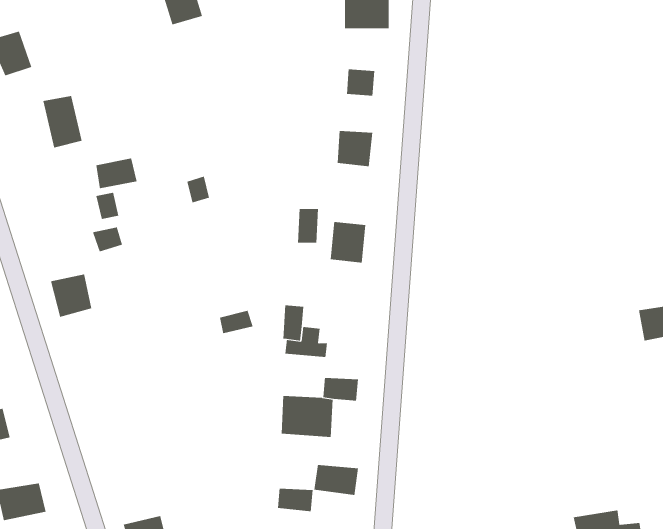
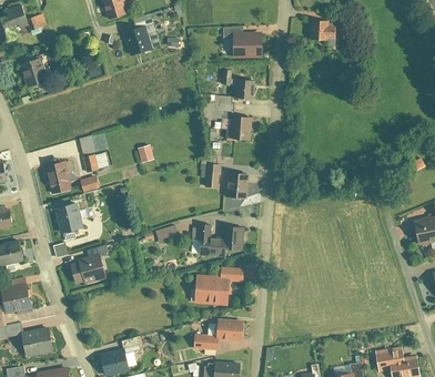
building: [43,95,83,148] -> [45,161,70,193]
building: none -> [220,225,244,248]
building: none -> [71,255,104,283]

